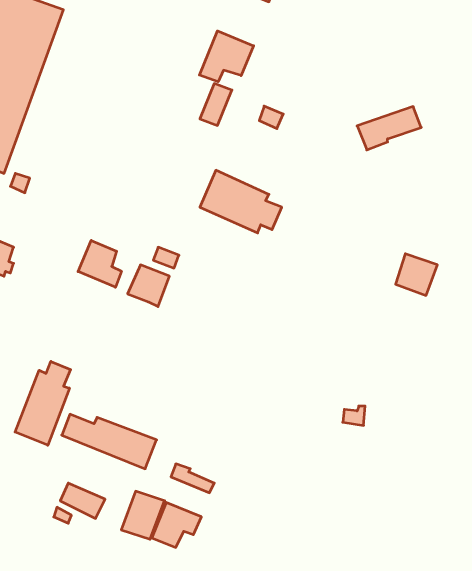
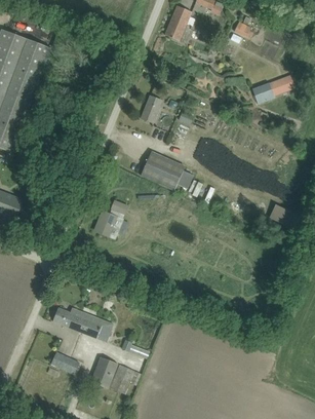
building: [199,31,254,82] -> none
building: [357,107,421,150] -> [253,74,294,102]
building: [78,240,121,287] -> none
building: [15,361,71,445] -> none

